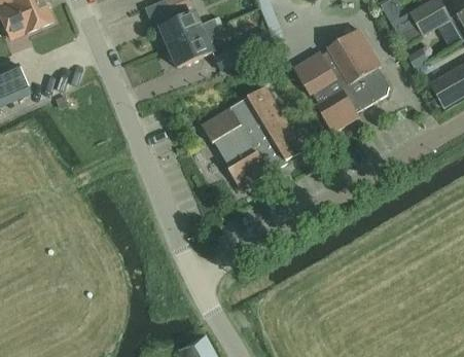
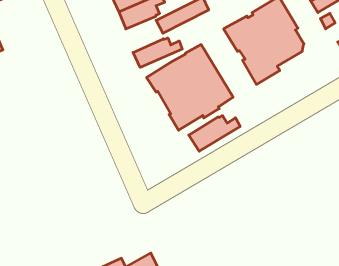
building: none -> [133,38,182,67]
building: none -> [189,116,240,151]

